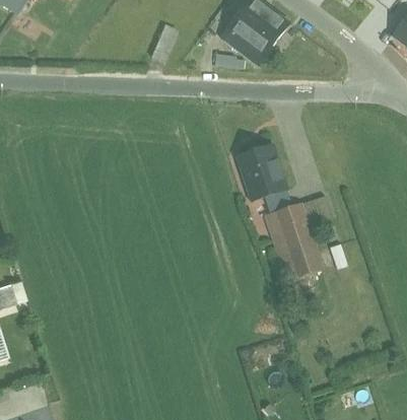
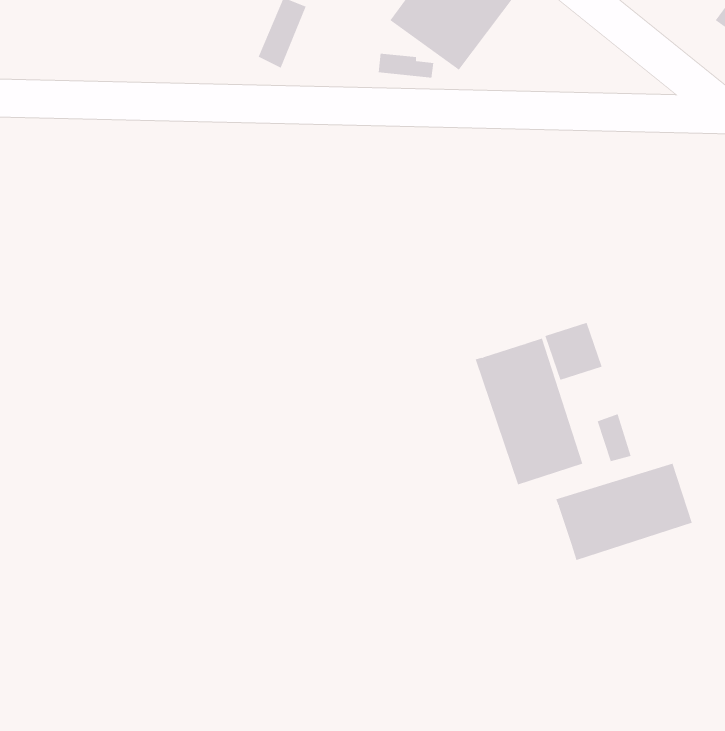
building: [238,146,292,214] -> none
building: none -> [556,463,692,561]

